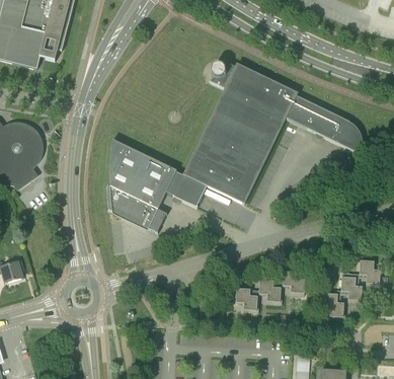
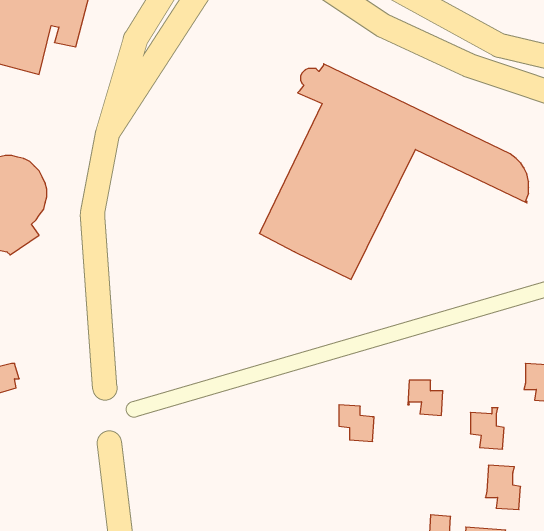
building: [106,139,206,232] -> none
building: [339,272,363,301] -> [485,465,521,510]
building: [257,279,282,303] -> none

